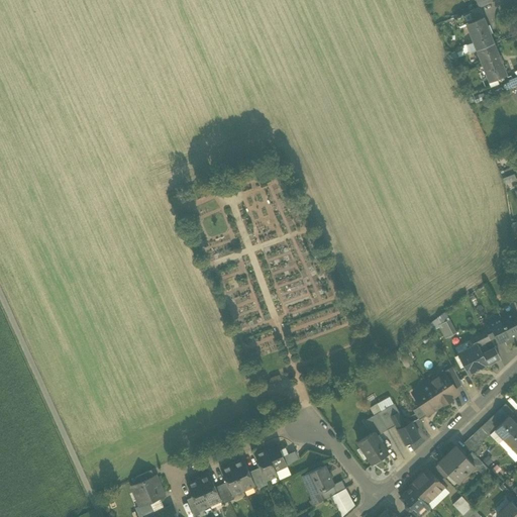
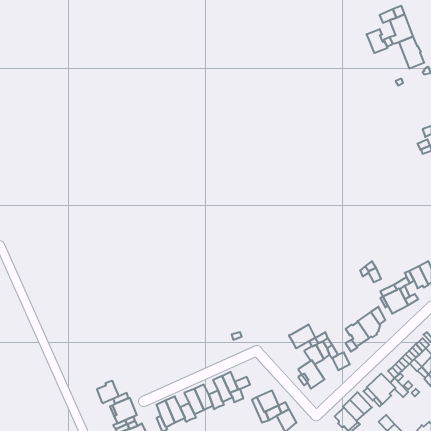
building: none -> [367,29,387,53]
building: none -> [289,324,315,348]
building: none -> [97,381,119,403]

